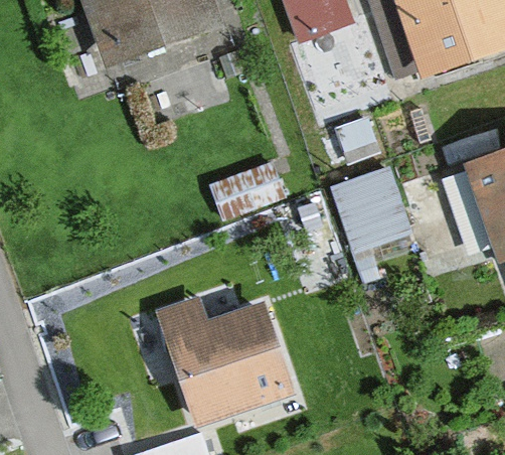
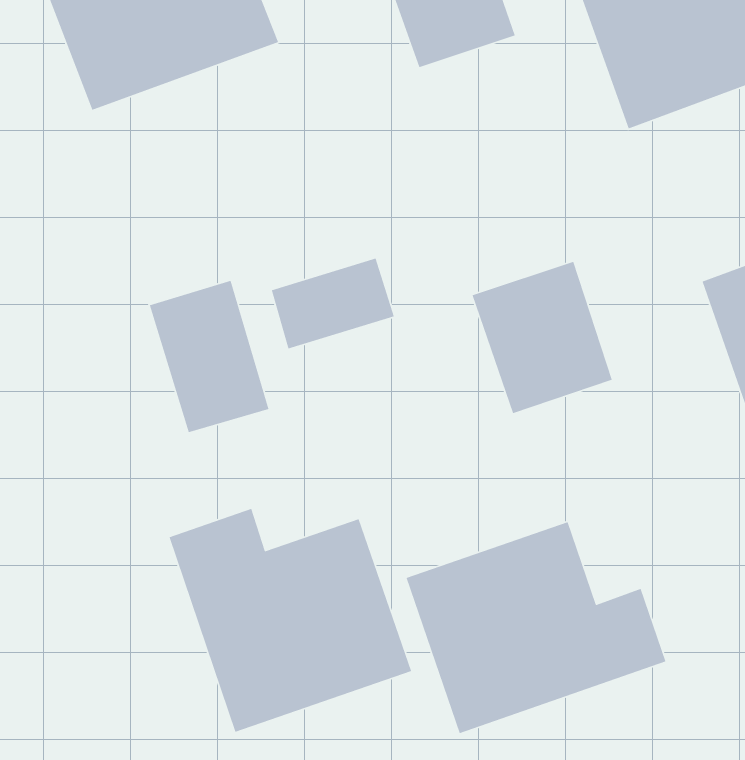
building: none -> [149,280,269,433]
building: none -> [405,521,666,734]

